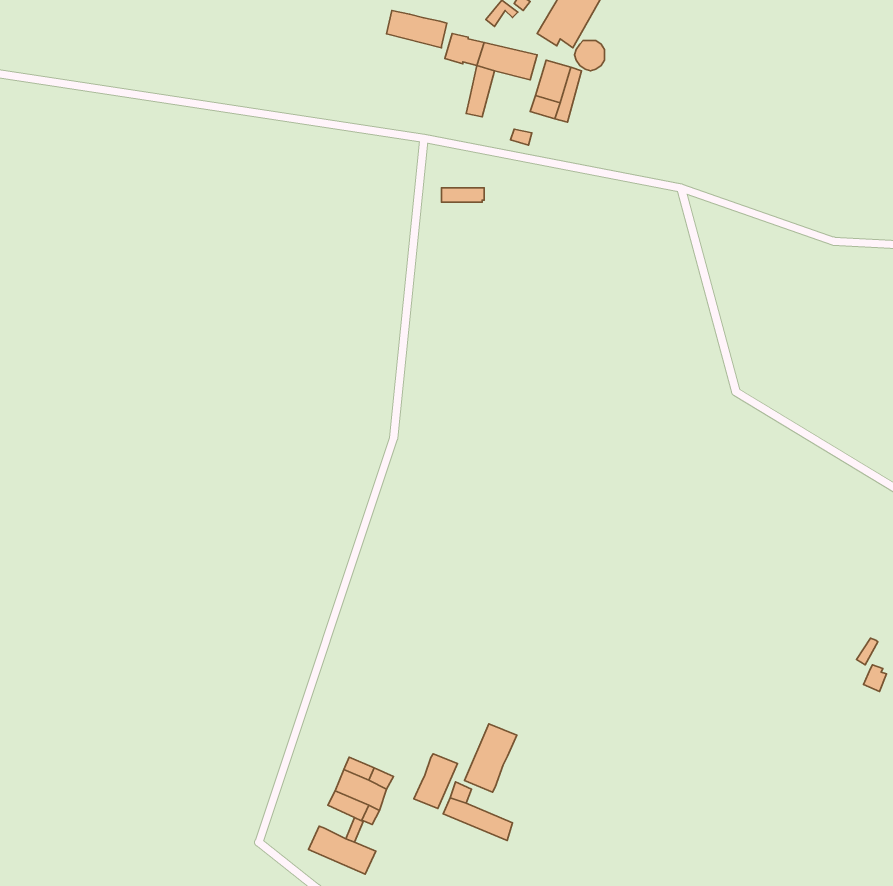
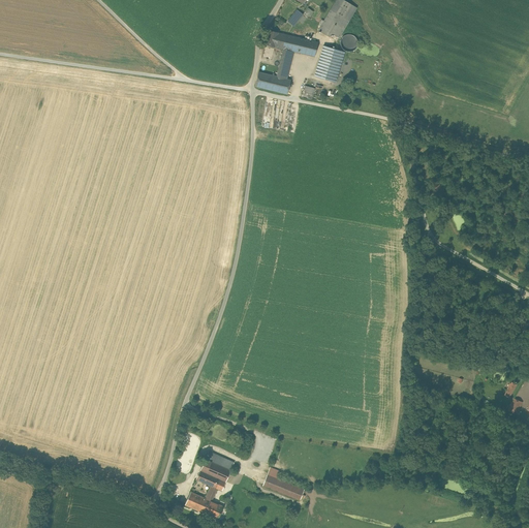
building: [387,11,447,48] -> [255,72,290,94]
building: [464,724,517,792] -> none
building: [414,754,457,809] -> none

